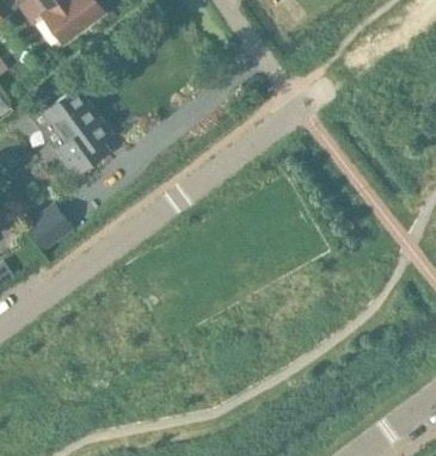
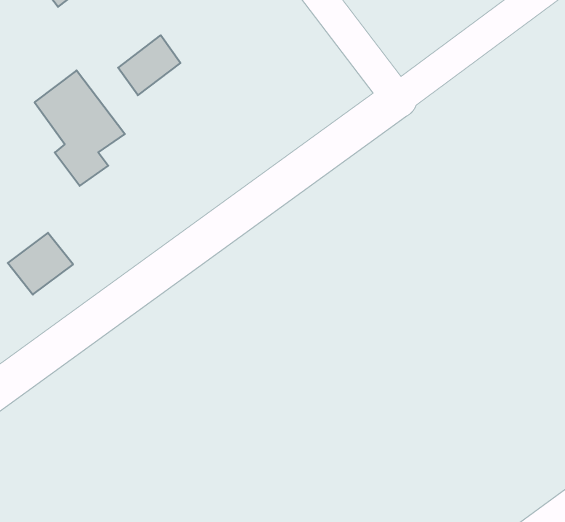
building: none -> [118,35,180,95]

